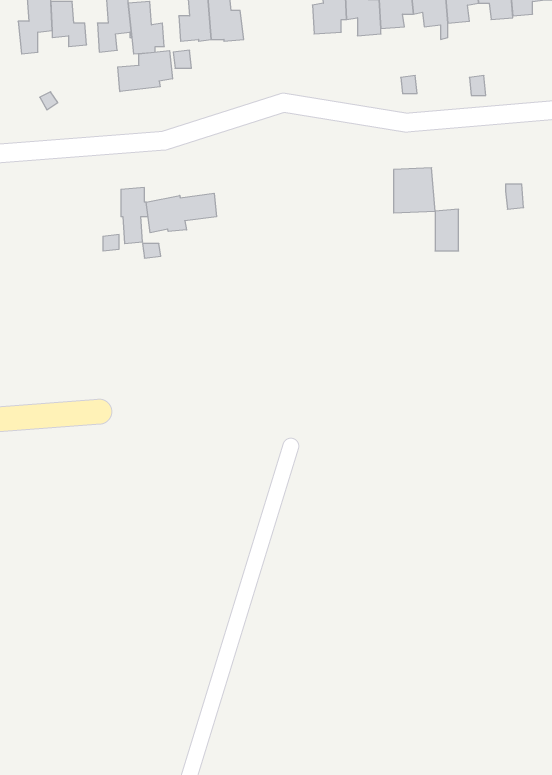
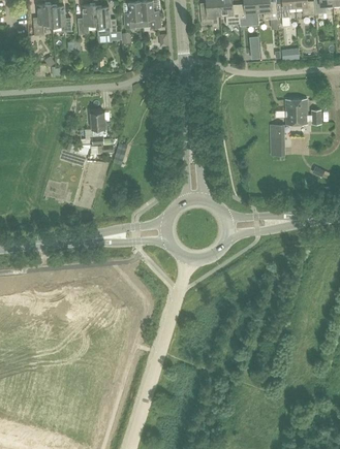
building: [118,51,172,92] -> none
building: [394,168,435,213] -> [285,98,309,124]
building: [146,193,216,233] -> none

